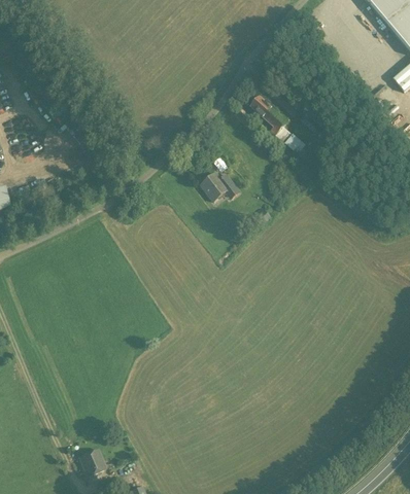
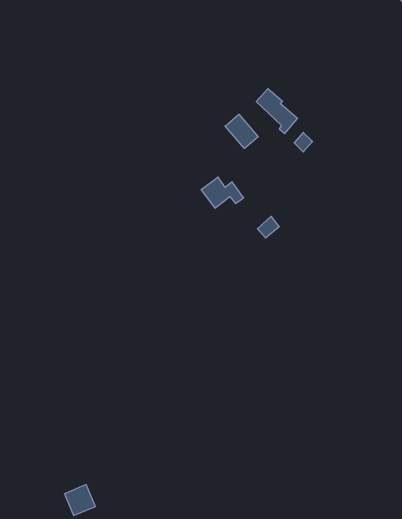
building: none -> [225,114,258,148]

